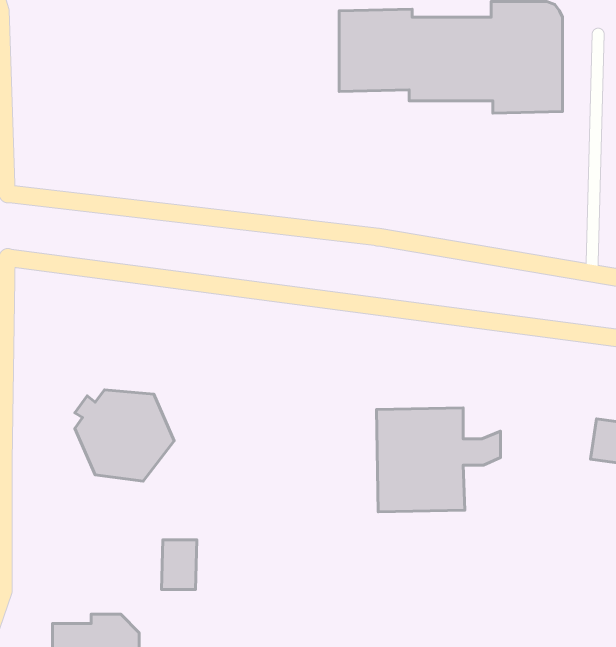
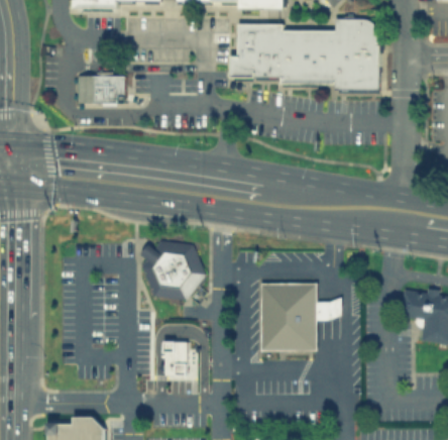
building: none -> [77,76,124,103]
building: [75,390,174,481] -> [139,240,204,300]
building: [161,540,197,589] -> [163,343,187,375]

